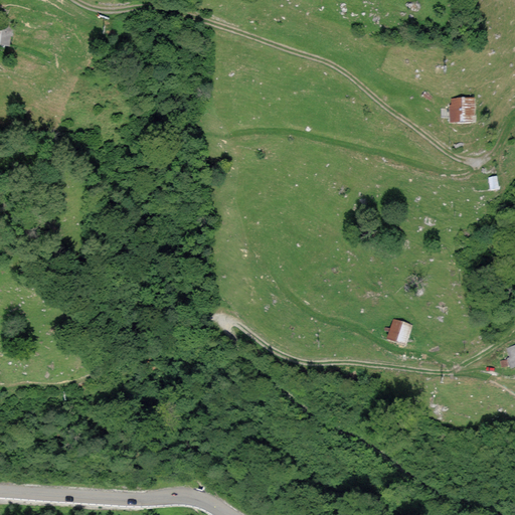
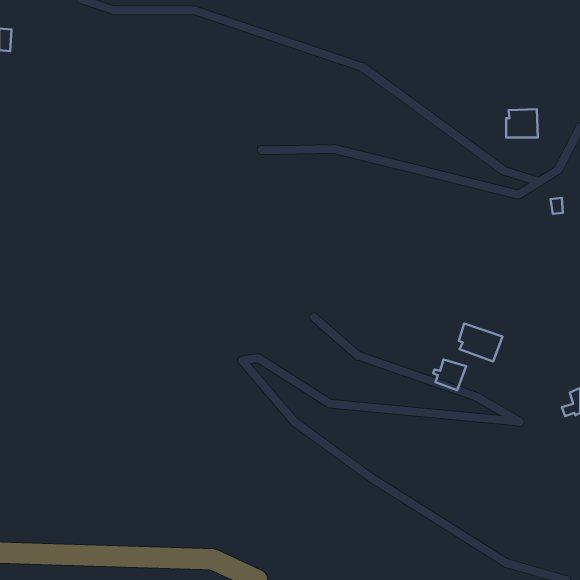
building: none -> [459,324,502,361]

